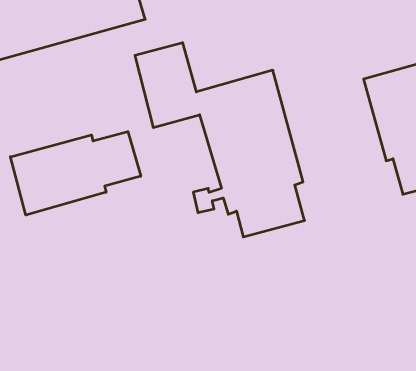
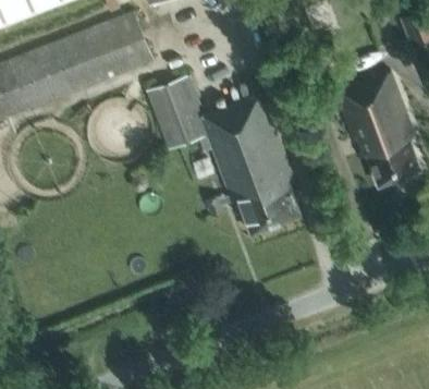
building: [10,132,141,215] -> none

